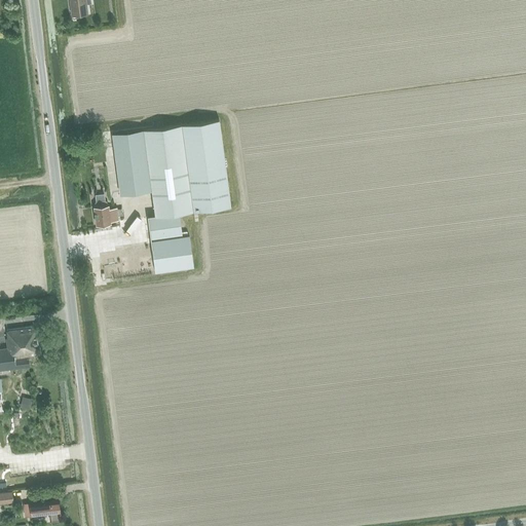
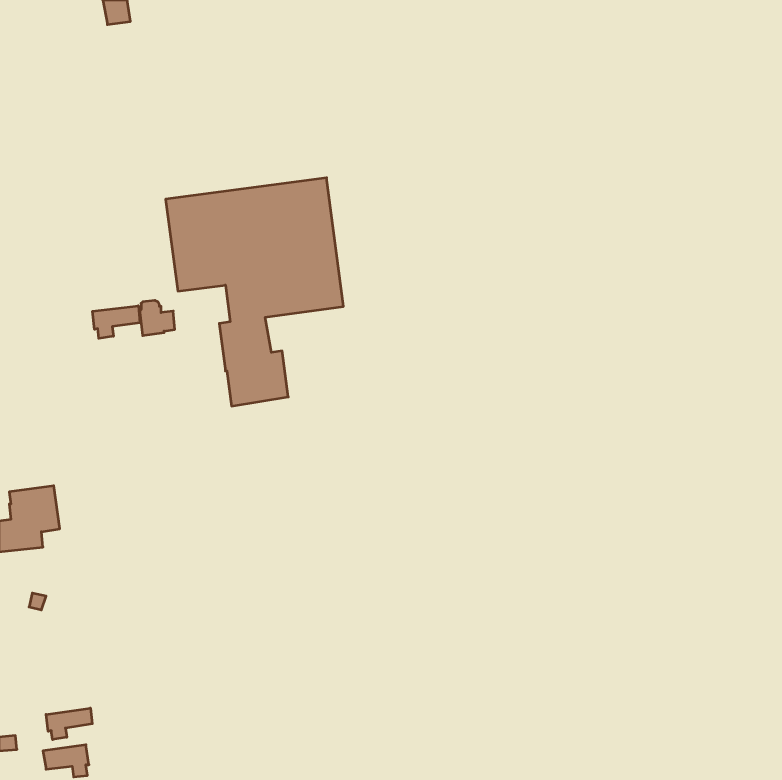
building: none -> [93,306,140,338]
building: none -> [46,708,92,740]

